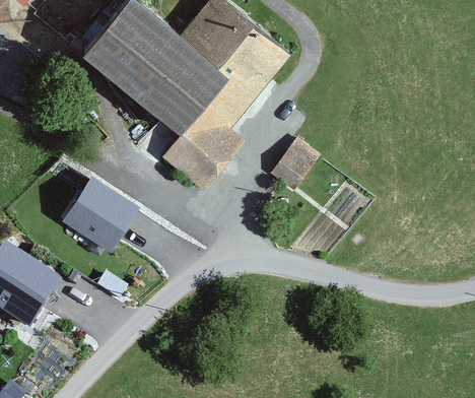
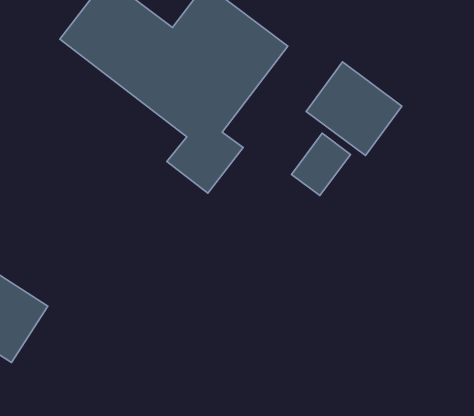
building: none -> [306,62,402,155]
building: [67,171,144,246] -> none

